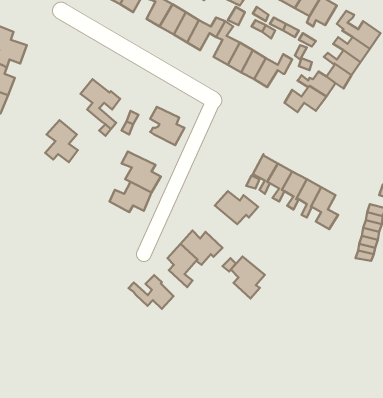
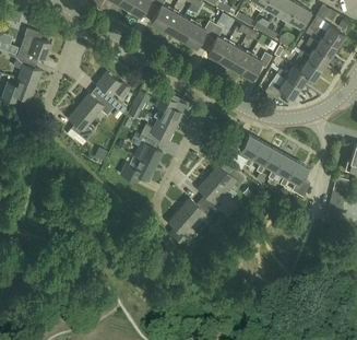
building: none -> [79,95,114,119]
building: none -> [140,119,175,144]
building: [231,256,265,298] -> [198,178,226,213]
building: [128,275,174,309] -> none

